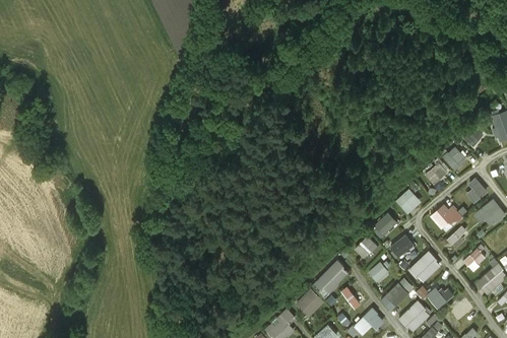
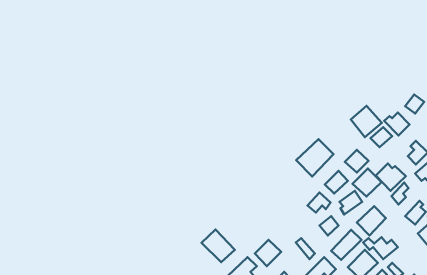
building: none -> [351,106,382,137]
building: none -> [296,139,333,176]
building: none -> [353,169,381,196]
building: [312,260,350,297] -> none
building: none -> [202,230,235,262]

